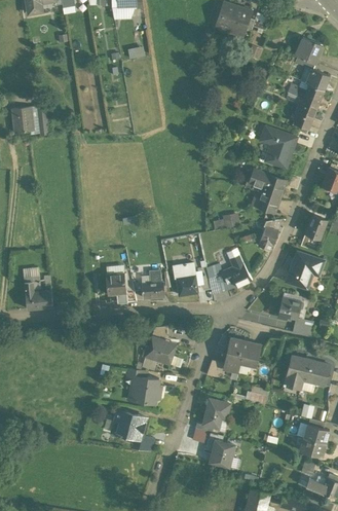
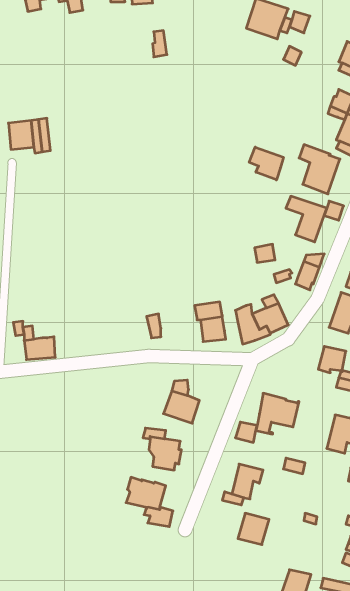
building: none -> [249,147,283,180]
building: [143,269,164,298] -> none
building: [106,271,126,294] -> none

